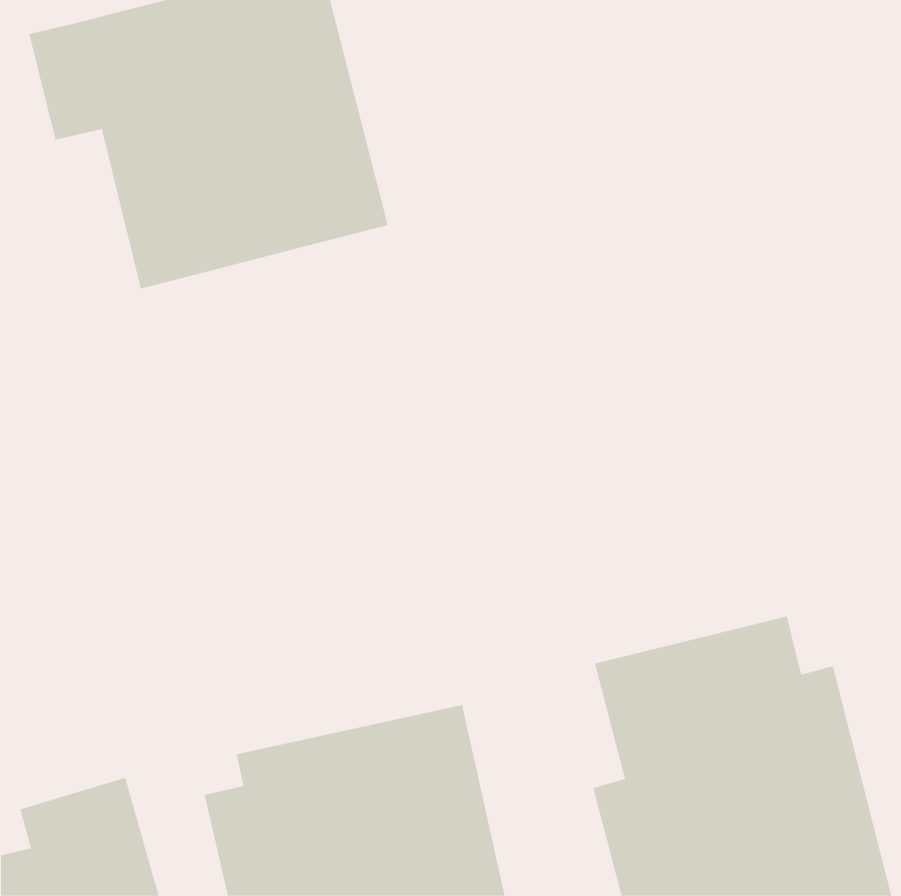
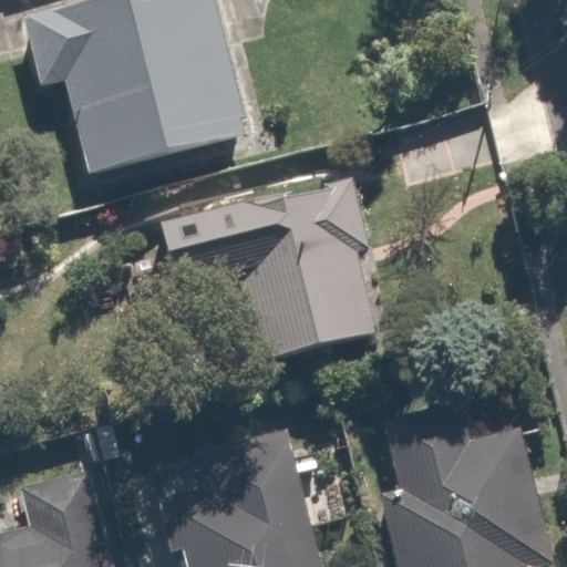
building: none -> [195,189,385,374]

